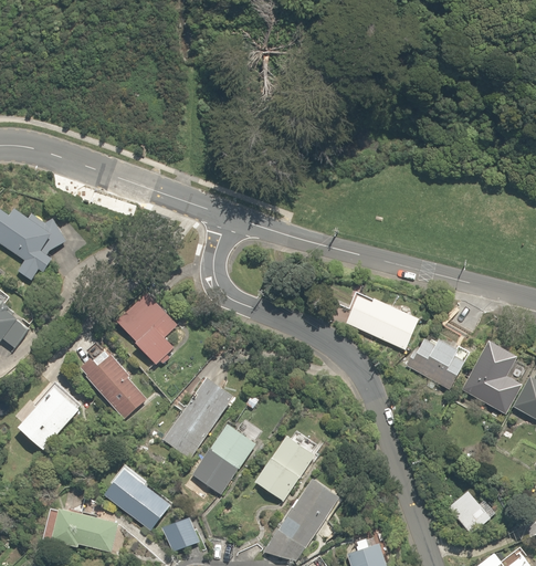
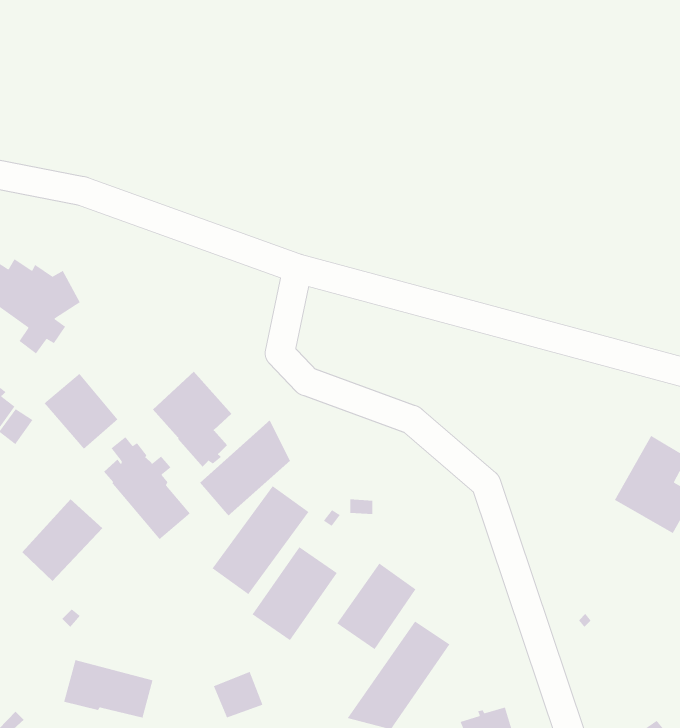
building: none -> [43,373,118,450]
building: [345,296,419,350] -> none
building: none -> [199,419,291,516]
building: [404,339,470,390] -> none
building: [104,469,170,531] -> none
building: [448,491,494,534] -> none

